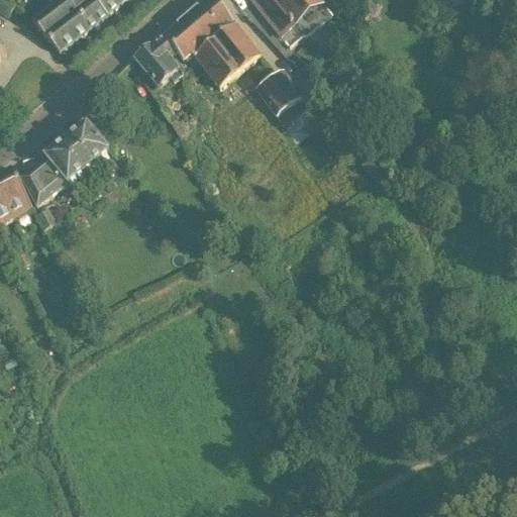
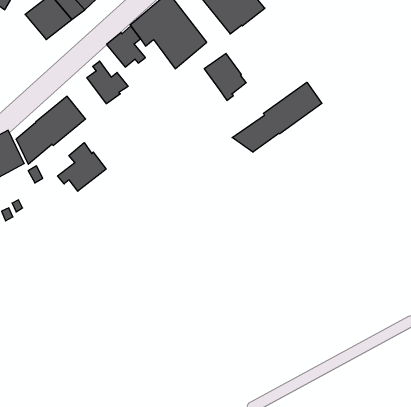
building: none -> [87,61,128,104]
building: none -> [232,82,322,152]
building: none -> [58,143,106,191]

